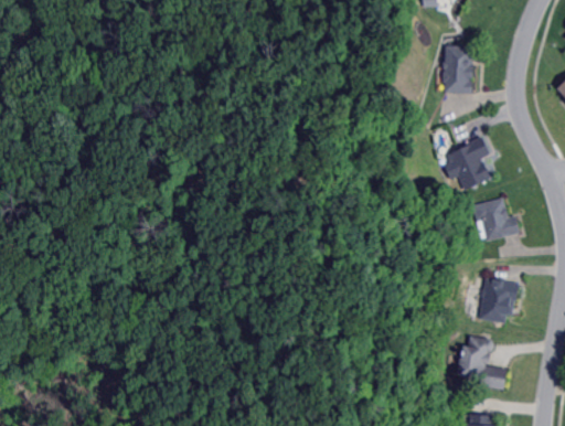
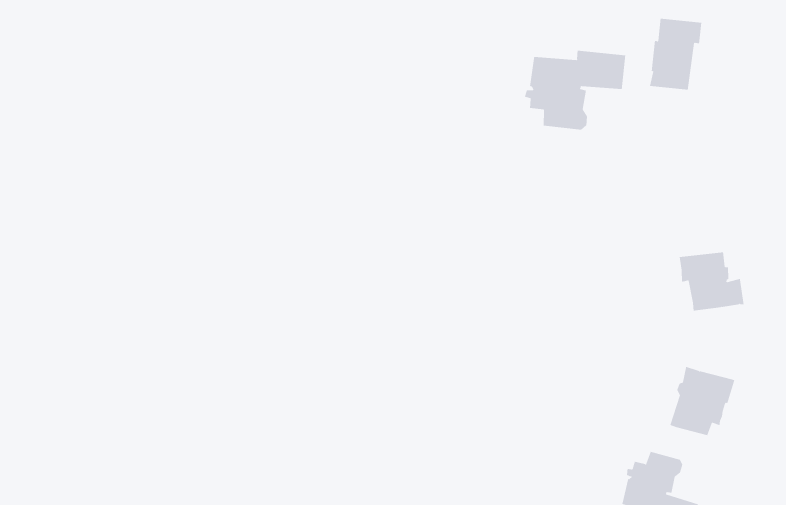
building: none -> [524,50,626,130]
building: [446,136,489,191] -> none

